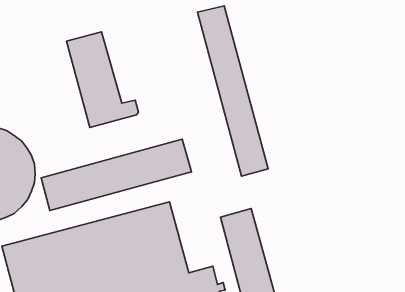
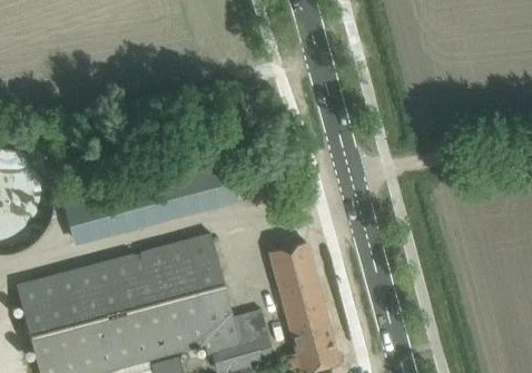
building: [197,6,268,176] -> none
building: [67,32,138,127] -> none

